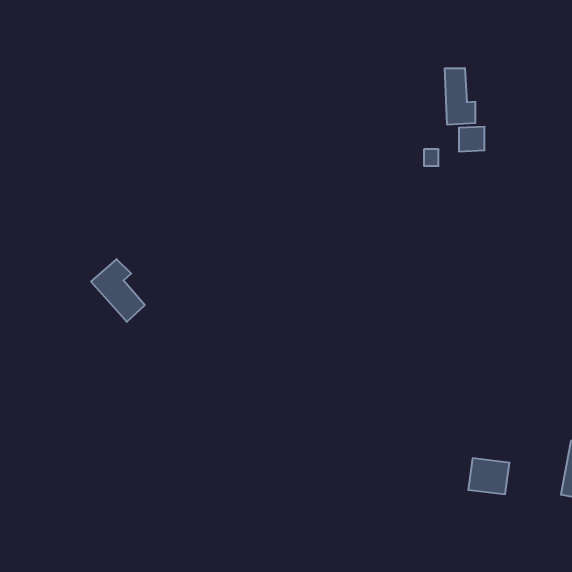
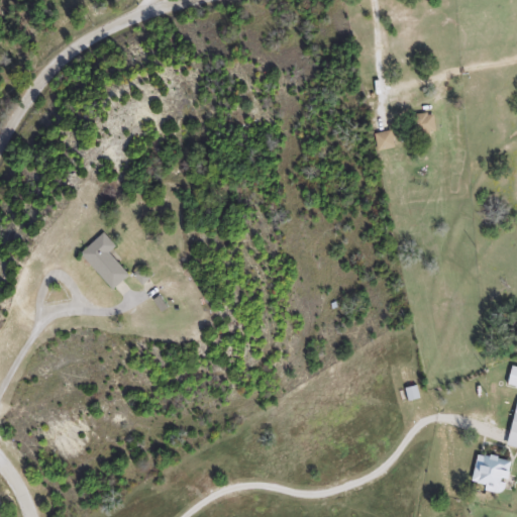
building: [445,68,475,125] -> none
building: [468,458,510,494] -> [472,454,509,487]

